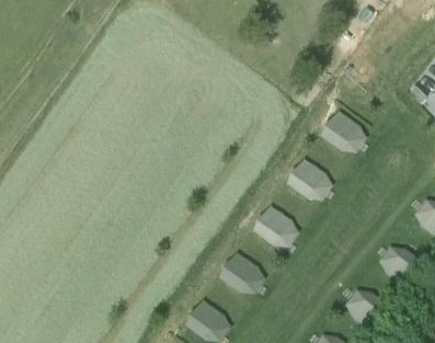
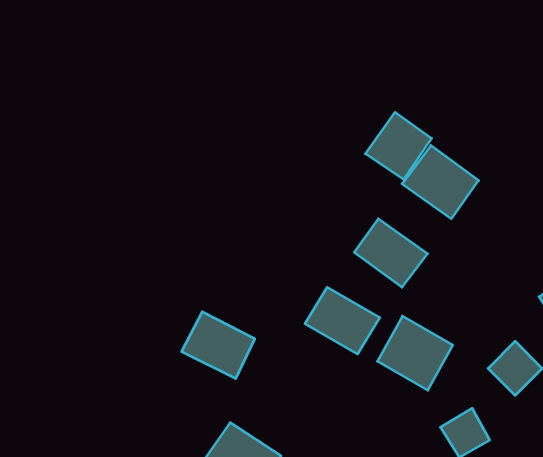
building: none -> [365,112,432,179]
building: none -> [377,316,453,390]
building: [218,252,268,298] -> [182,312,255,379]

